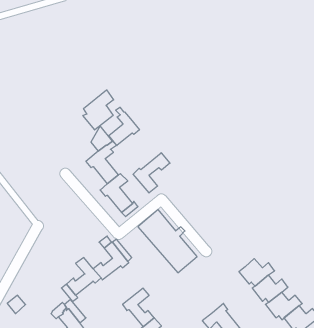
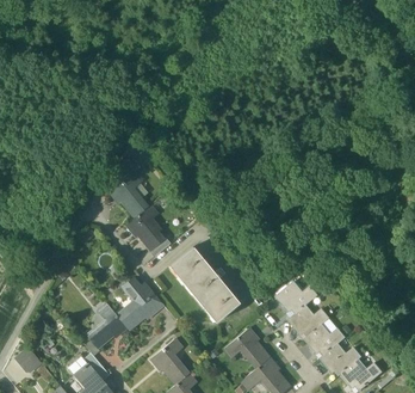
building: [83,90,114,130] -> none
building: [109,107,139,146] -> none
building: [133,153,170,193] -> none
building: none -> [277,282,318,314]
building: none -> [225,328,271,368]

